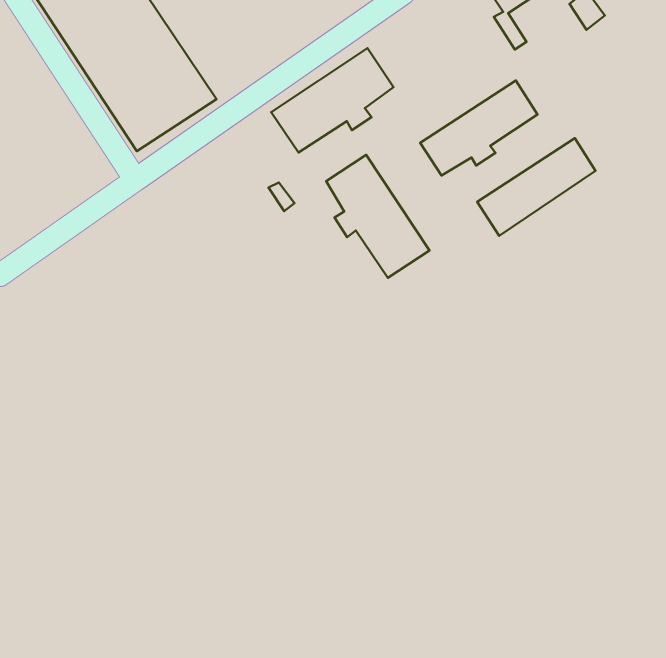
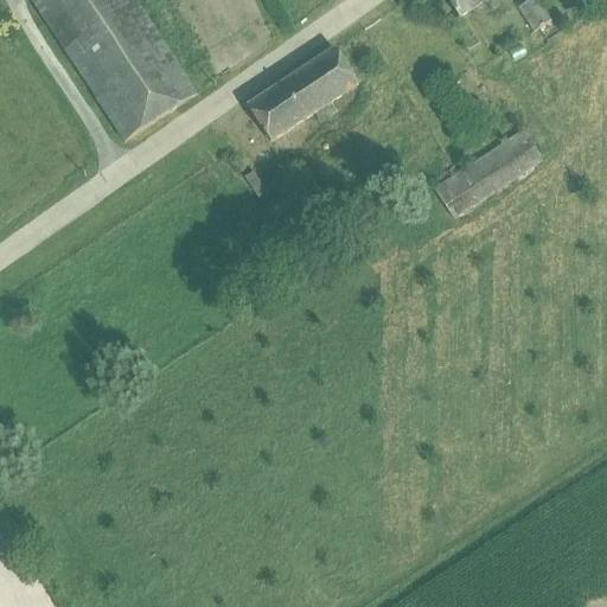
building: [420,80,538,175] -> none
building: [326,155,430,278] -> none

